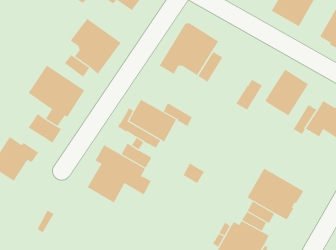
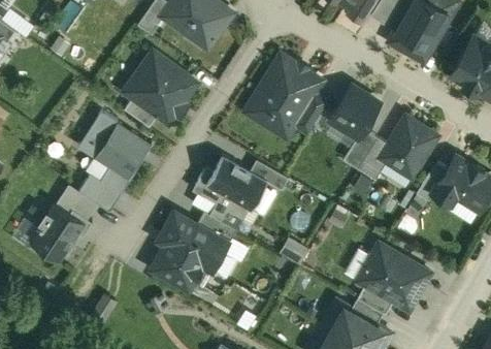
building: none -> [331,86,380,137]
building: none -> [359,137,389,180]
building: none -> [57,184,98,220]

